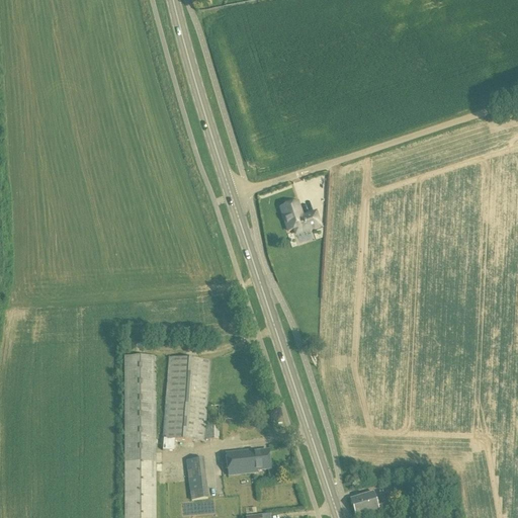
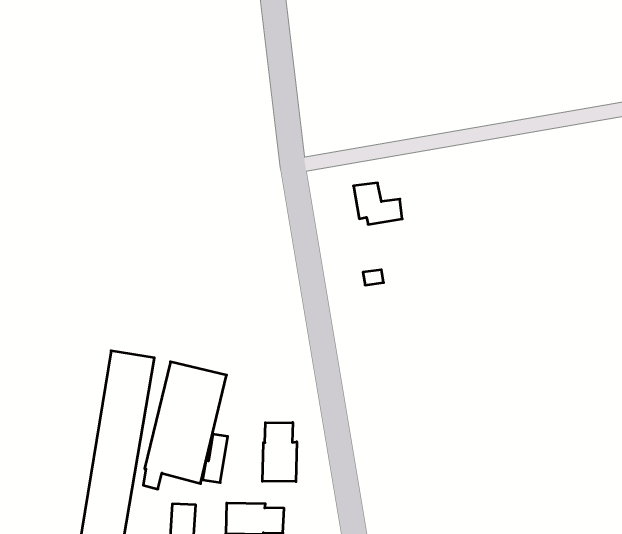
building: none -> [262,422,297,482]

